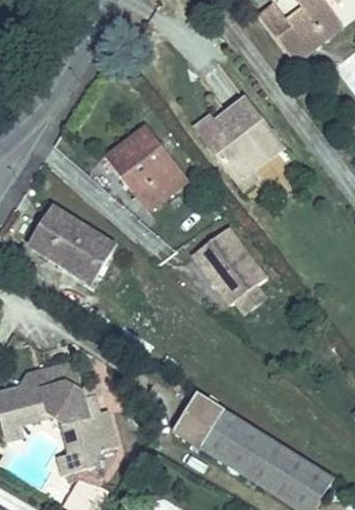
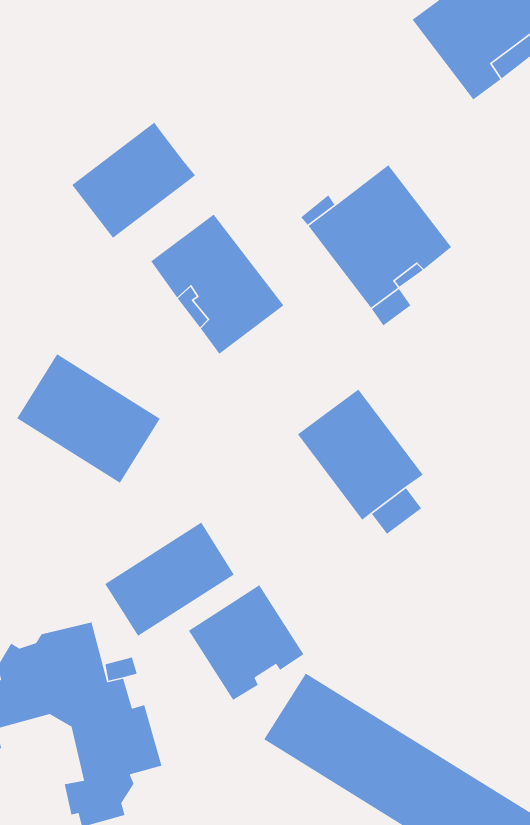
building: none -> [71,122,196,239]
building: none -> [104,522,235,637]
building: none -> [188,584,305,701]

